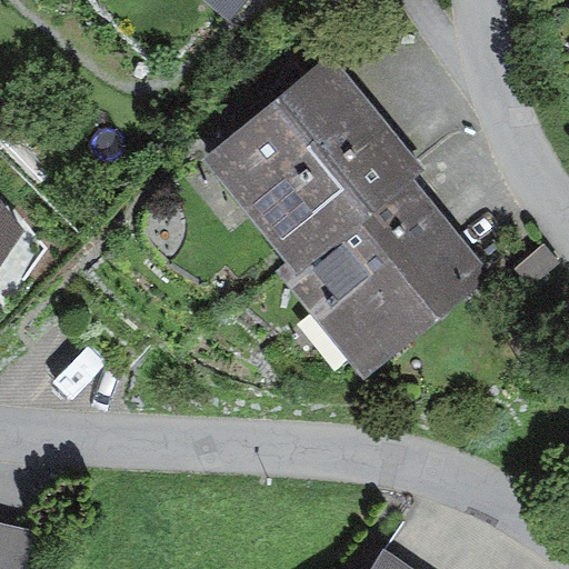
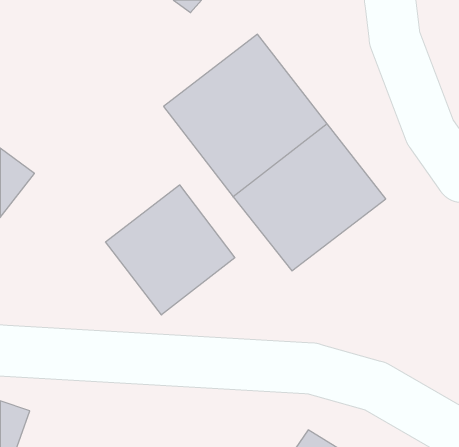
building: none -> [106,185,235,315]

